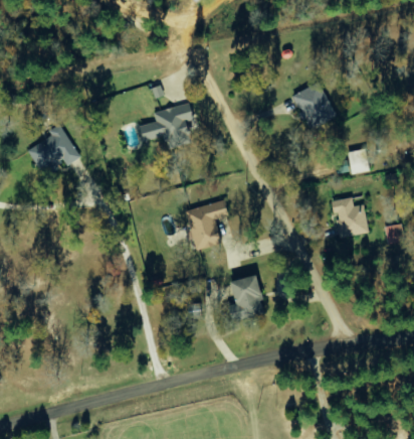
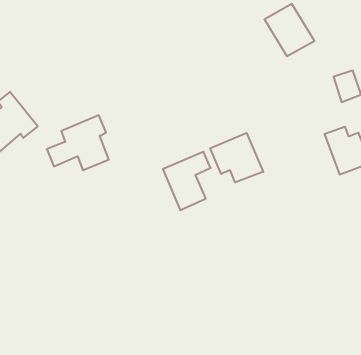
building: [139,102,193,148] -> [47,115,109,170]
building: none -> [210,133,263,182]
building: [227,274,262,321] -> none

